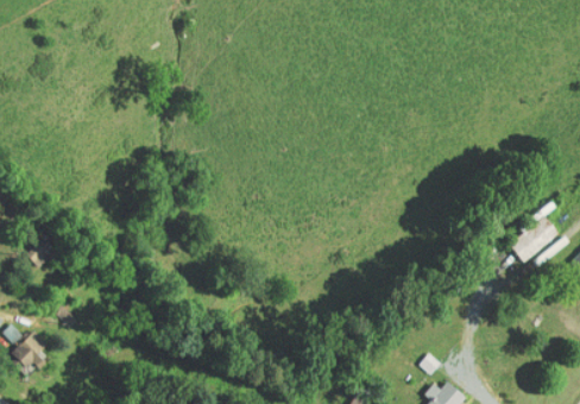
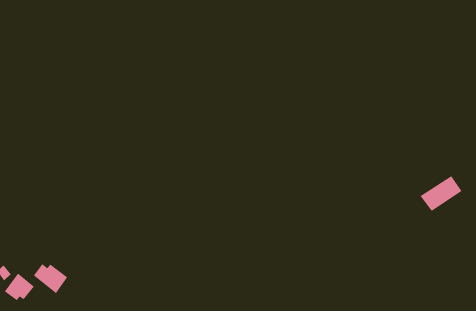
building: none -> [33,263,68,294]

